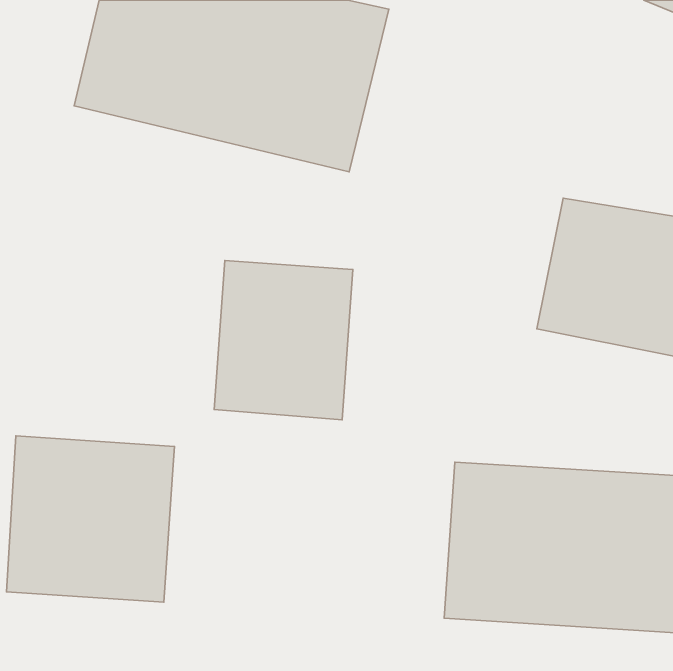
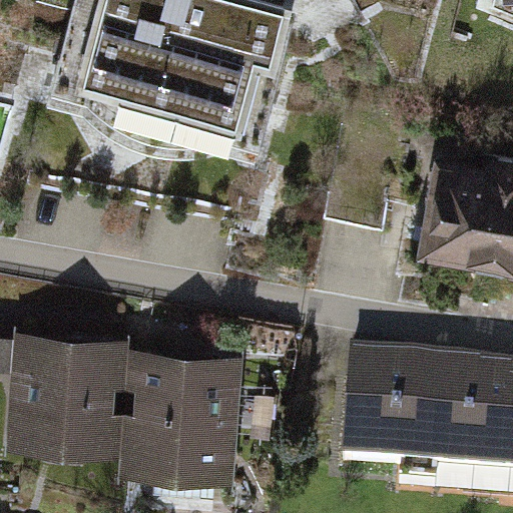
building: [214,261,353,420] -> none
building: none -> [125,356,243,489]

